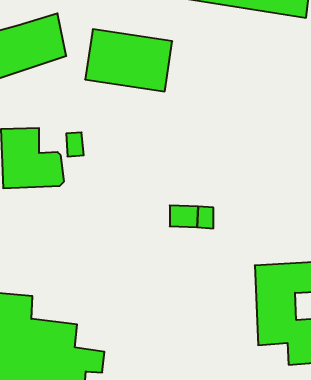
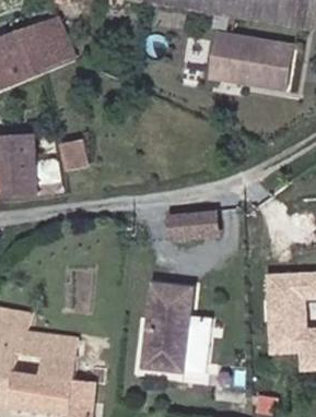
building: [85,29,172,91] -> [201,31,289,93]
building: none -> [134,288,194,374]

